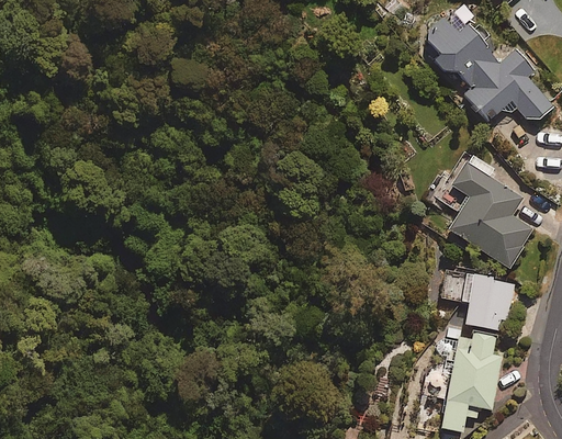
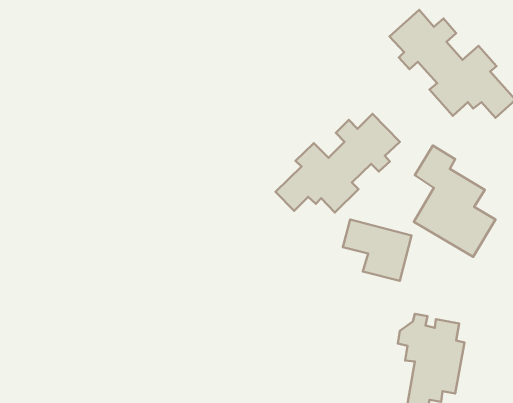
building: none -> [276,114,400,213]
building: [445,269,516,333] -> [343,220,412,281]

